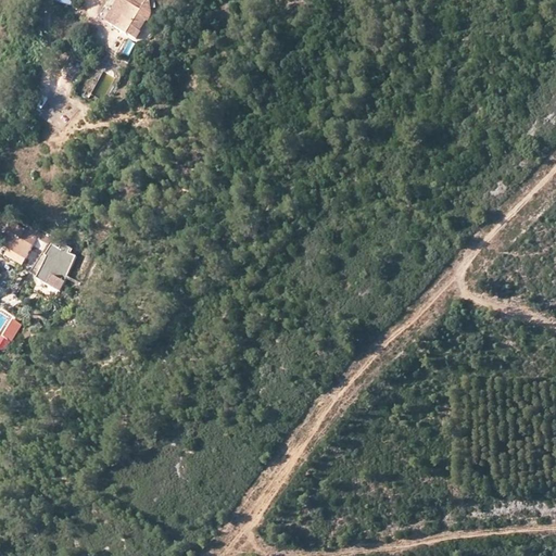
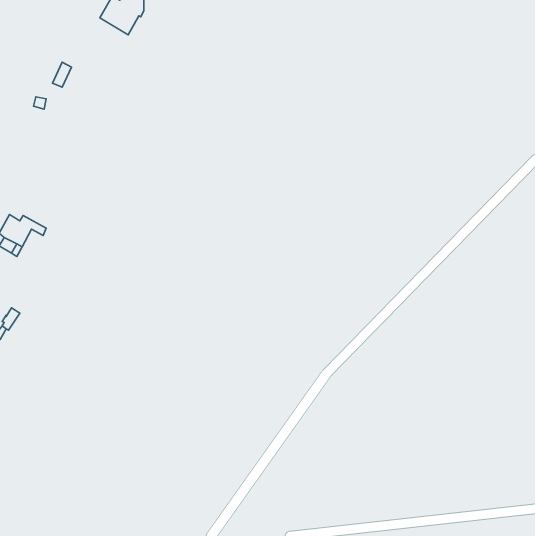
building: [36,244,74,291] -> none

